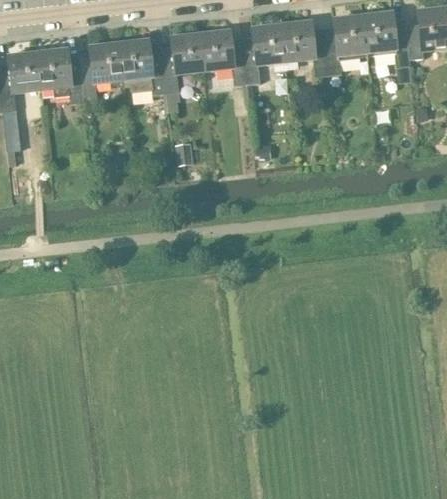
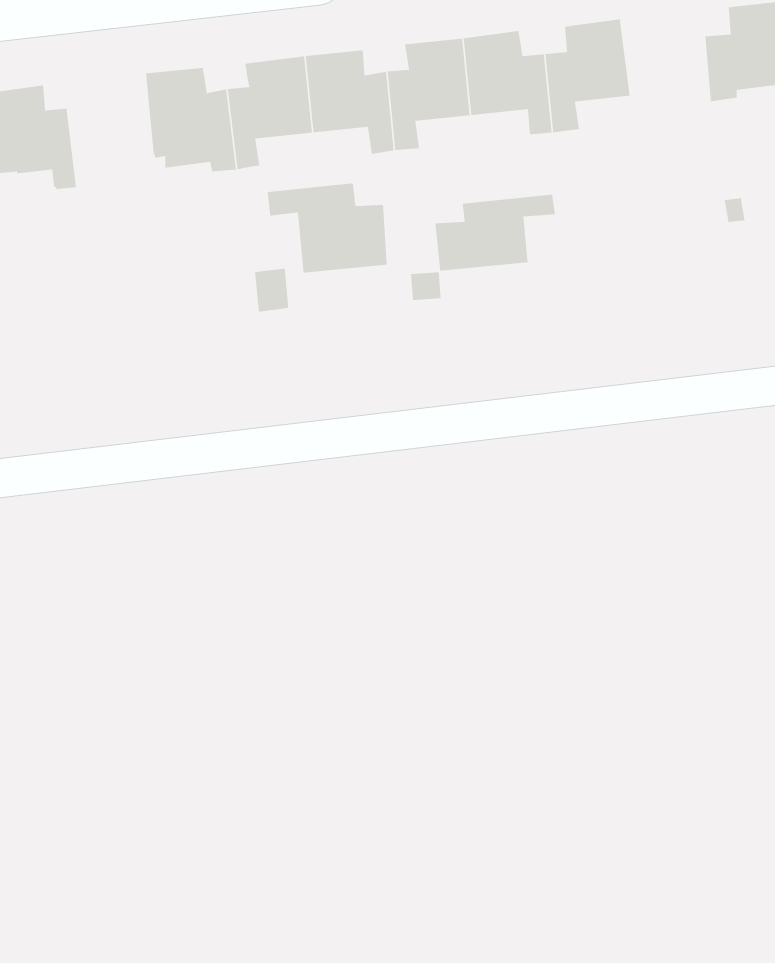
building: [363,10,410,64] -> none
building: [79,41,123,100] -> none
building: none -> [267,183,388,273]
building: none -> [435,194,556,272]

